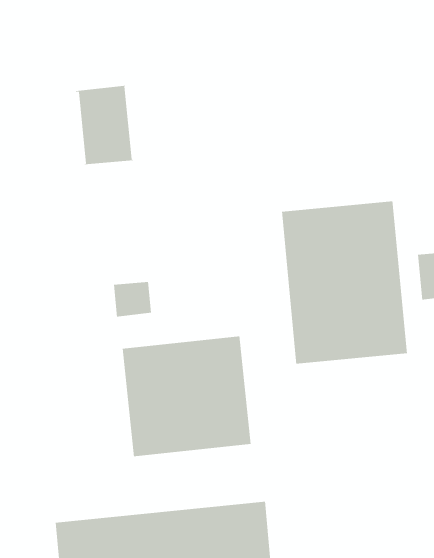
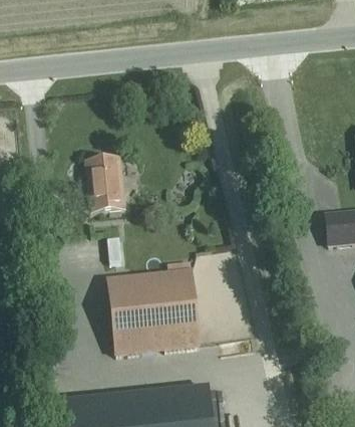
building: [75,85,134,165] -> [84,154,125,210]
building: [282,200,407,365] -> none

